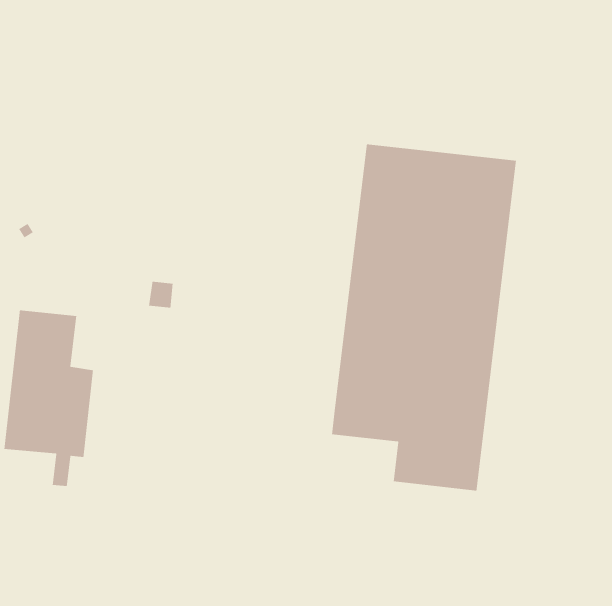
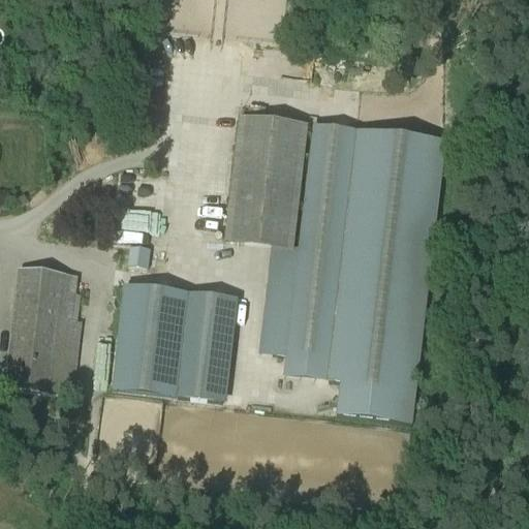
building: none -> [223,114,317,352]
building: none -> [115,281,236,398]

